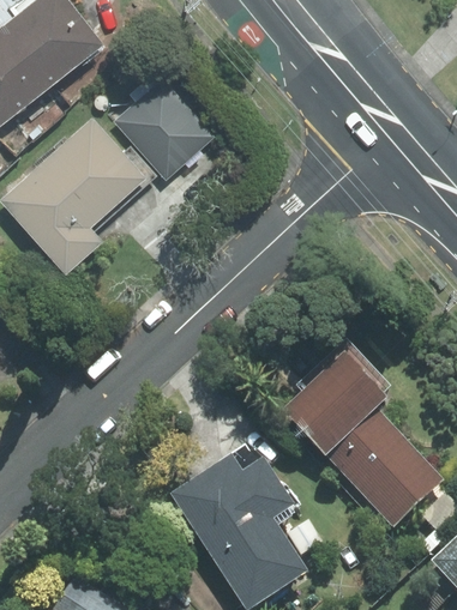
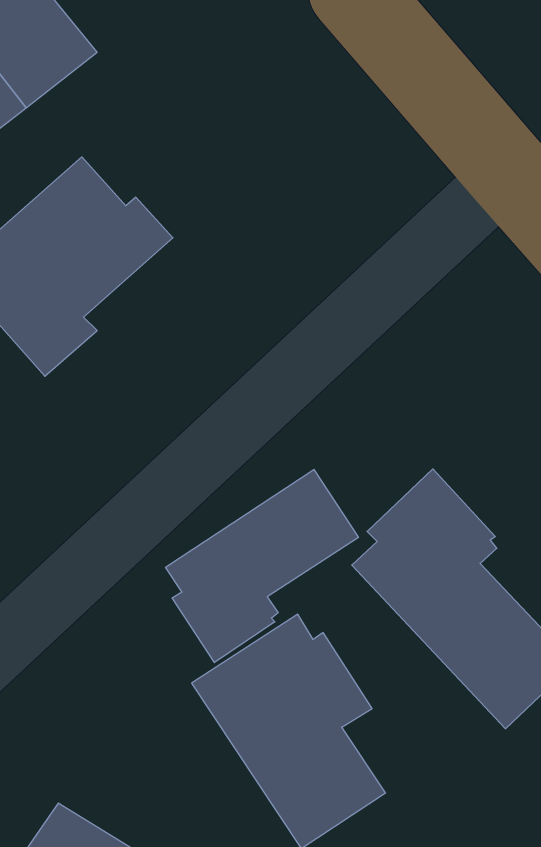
building: [114,80,212,179] -> none
building: none -> [166,469,358,663]

